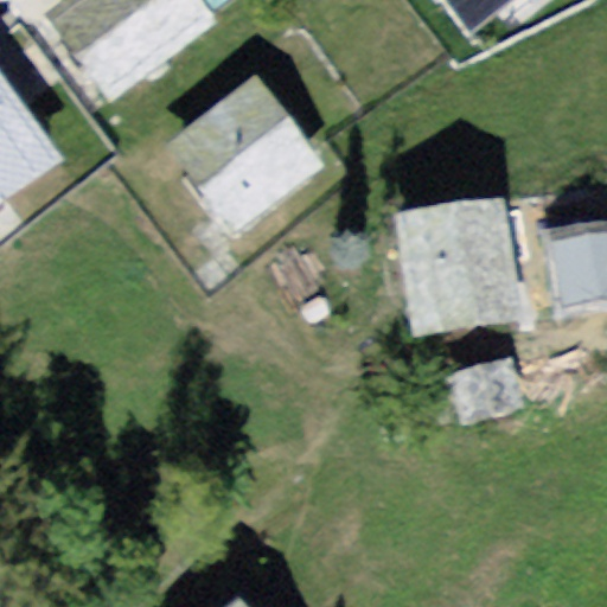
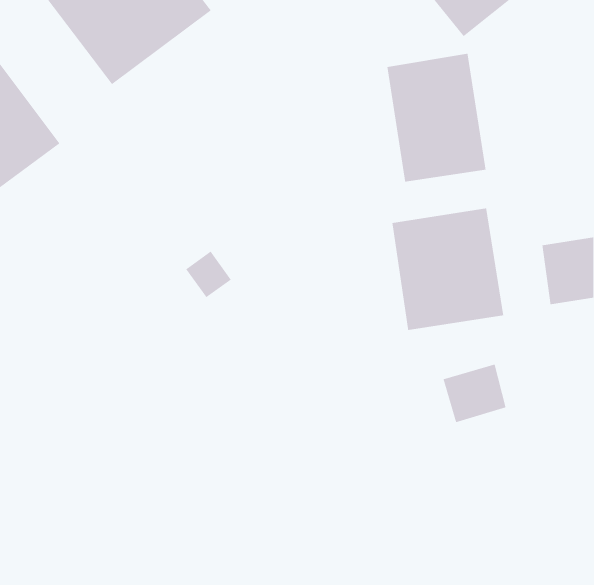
building: none -> [387,53,486,182]
building: [170,68,325,219] -> none

